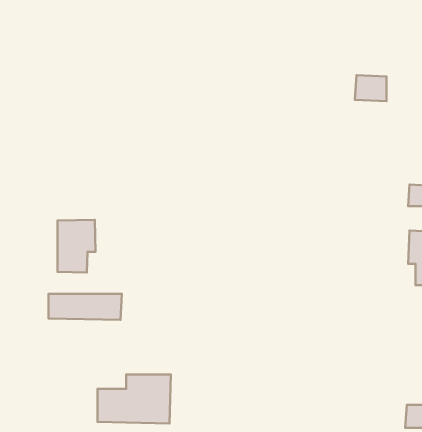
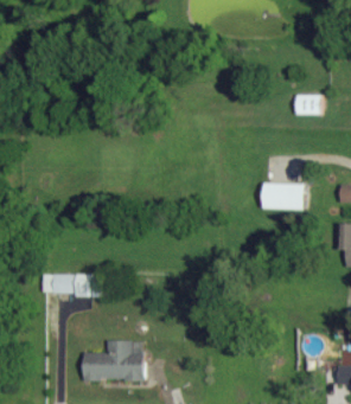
building: none -> [261,182,304,209]
building: [58,220,95,273] -> none

